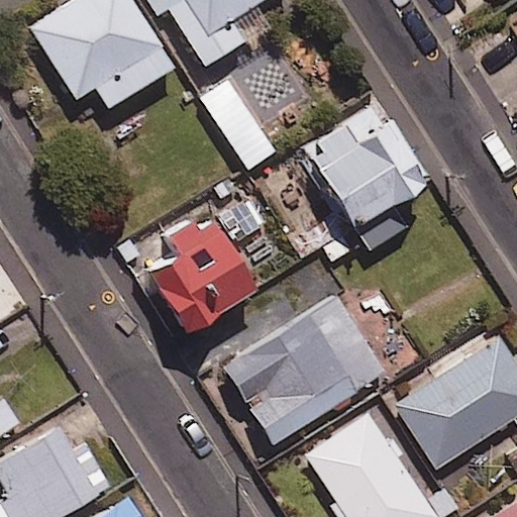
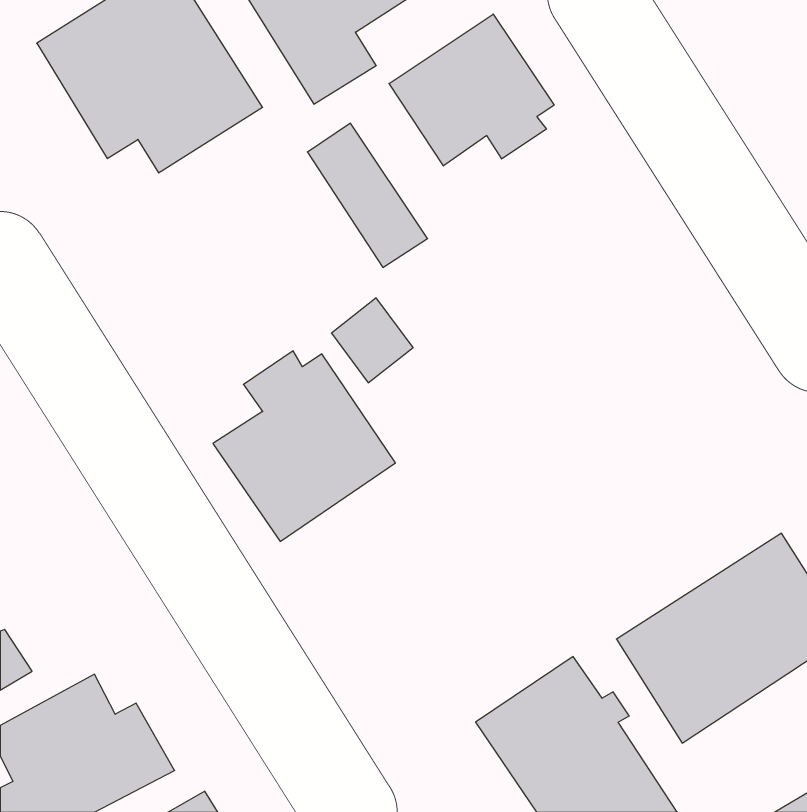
building: none -> [389,14,554,166]
building: [300,107,426,258] -> none
building: [216,293,388,450] -> none

